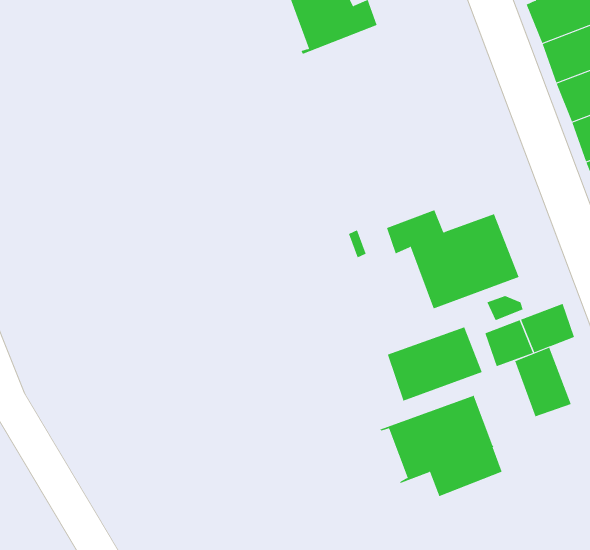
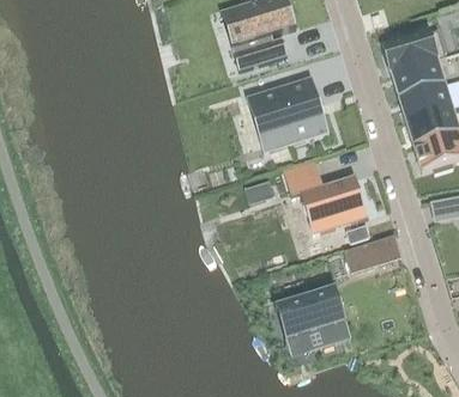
building: none -> [244,77,327,145]
building: [387,327,482,401] -> none
building: [514,347,571,417] -> none

